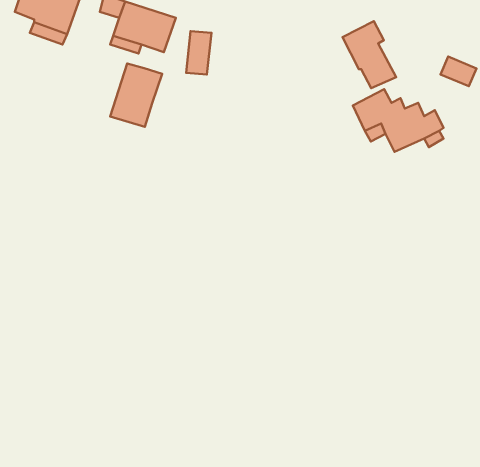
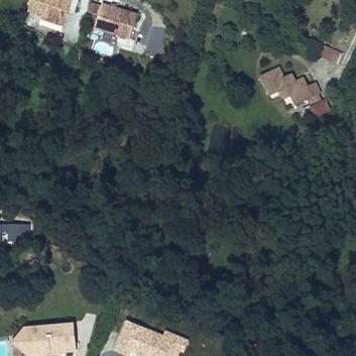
building: [342,21,396,88] -> none
building: [110,63,162,127] -> none

